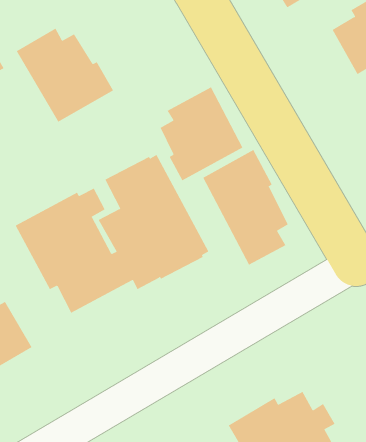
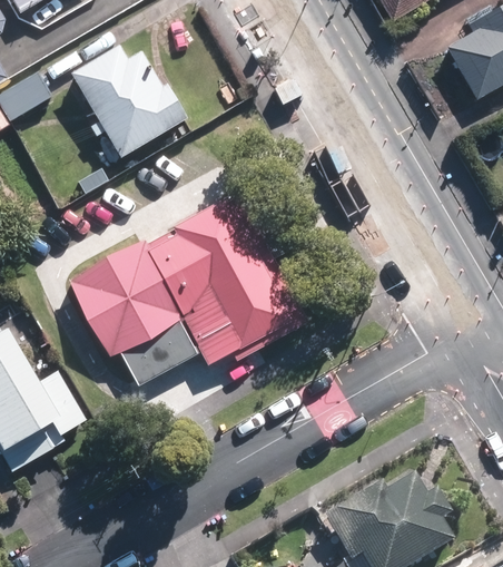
building: [160,87,243,181] -> none
building: [202,149,289,265] -> none

